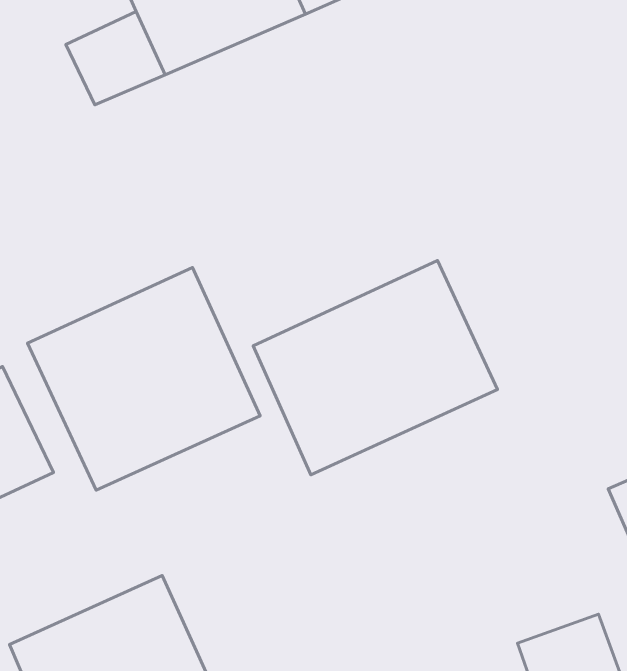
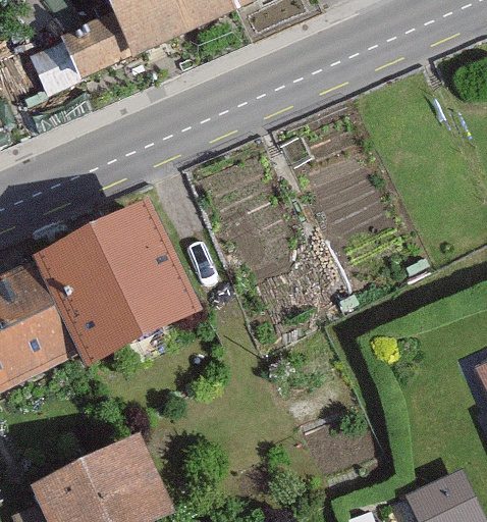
building: [253,261,497,475] -> none

